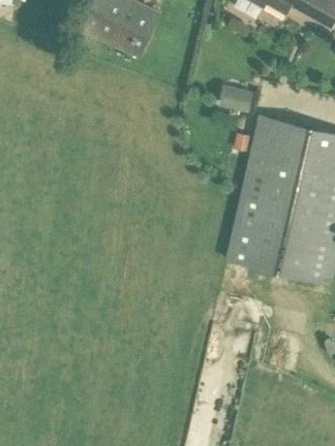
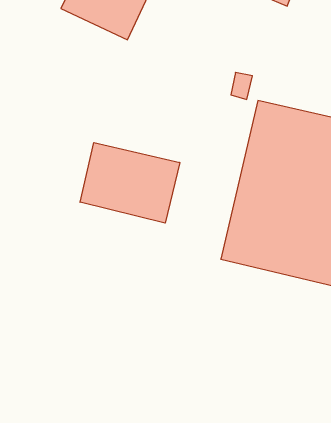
building: none -> [80,143,180,223]

